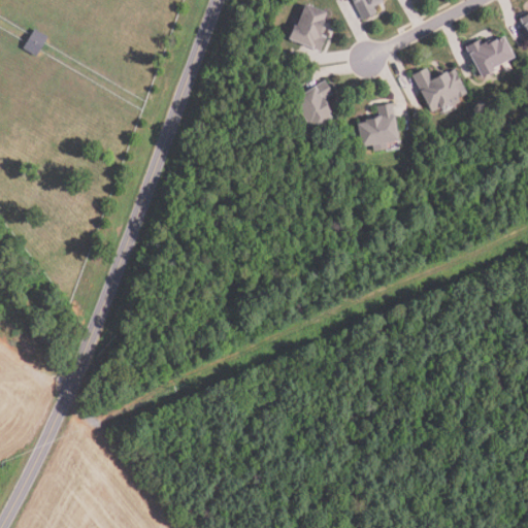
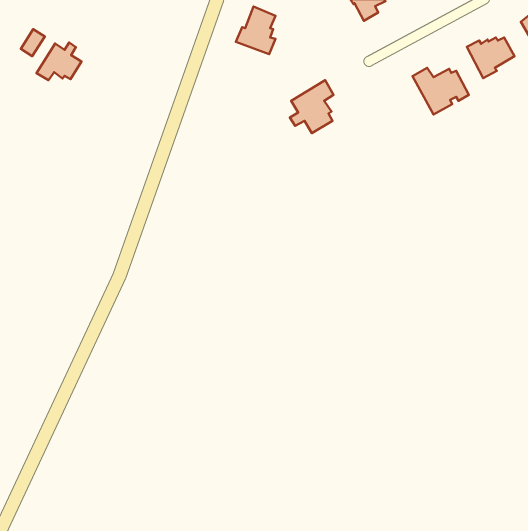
building: [288,4,327,52] -> [236,6,275,54]
building: none -> [37,43,82,80]
building: [357,104,400,150] -> none

